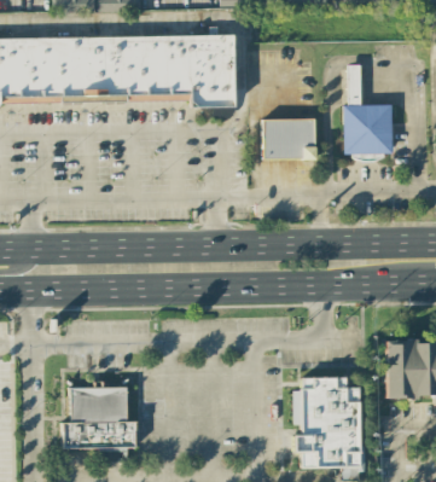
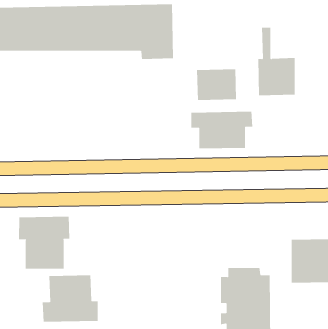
building: none -> [191,111,253,149]
building: none -> [19,216,70,270]

